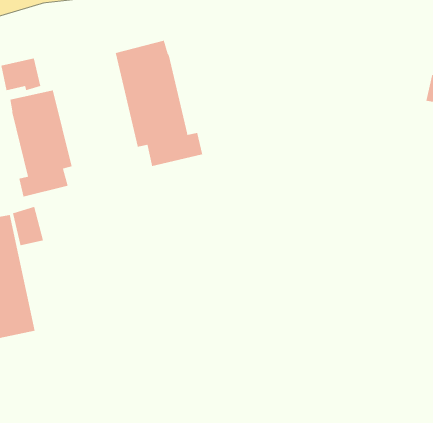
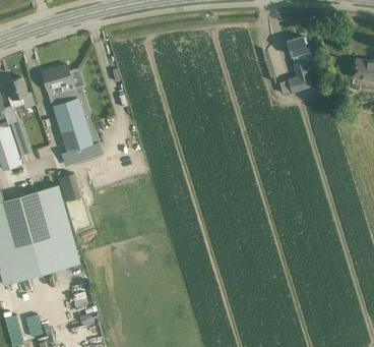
building: none -> [278,38,312,96]
building: [115,40,203,167] -> none

